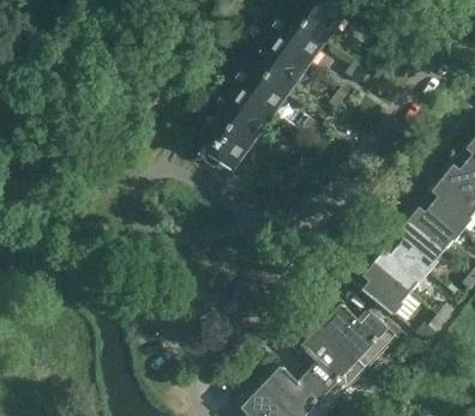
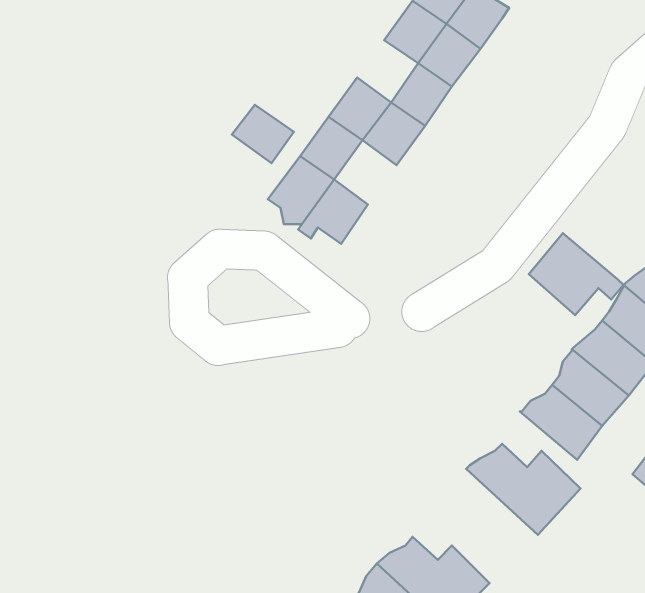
building: [245,34,285,76] -> none
building: none -> [232,105,294,163]
building: [229,101,271,144] -> none
building: none -> [529,233,624,315]
building: [301,321,366,398] -> none

